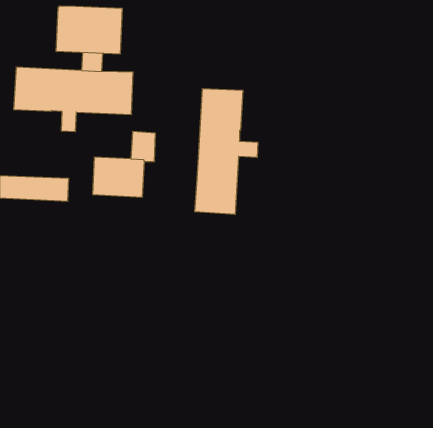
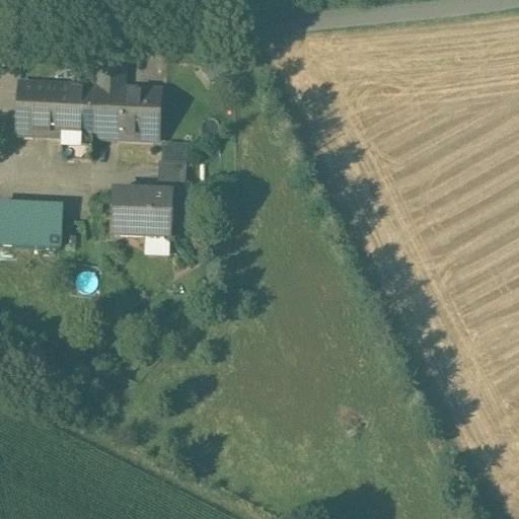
building: [56,6,122,54] -> none
building: [195,88,258,215] -> none

